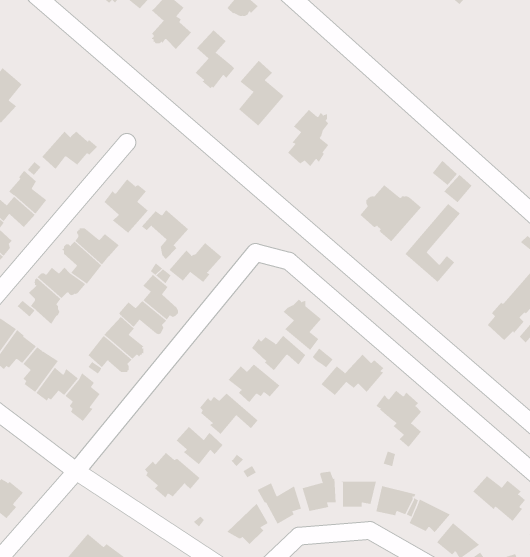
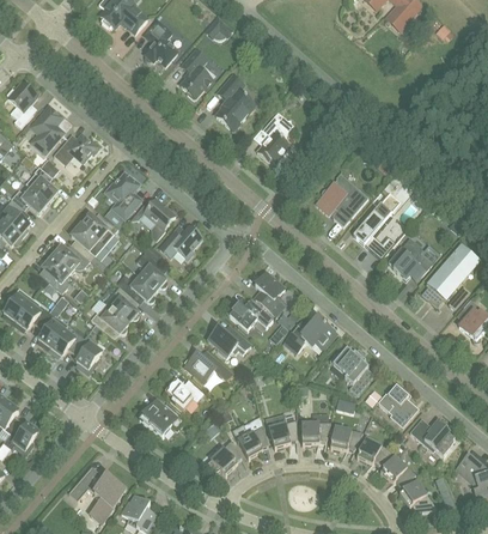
building: none -> [30,104,63,153]
building: none -> [388,237,431,279]
building: none -> [377,384,417,426]

